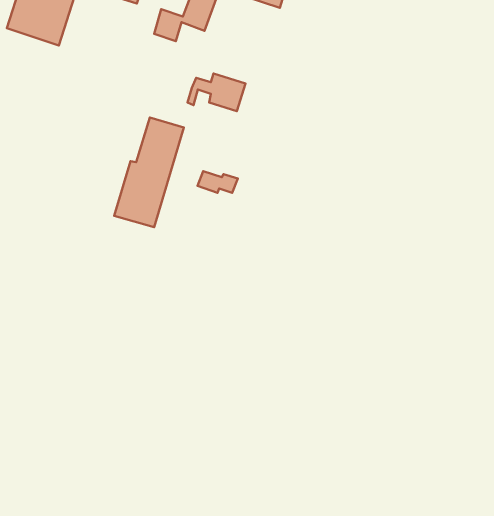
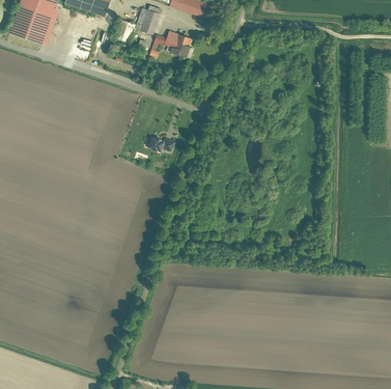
building: [188,73,245,111] -> [150,31,192,58]
building: [114,117,184,227] -> none

